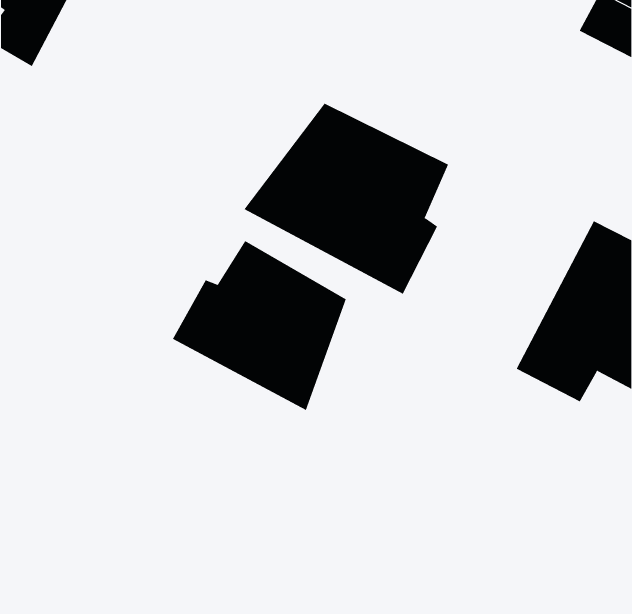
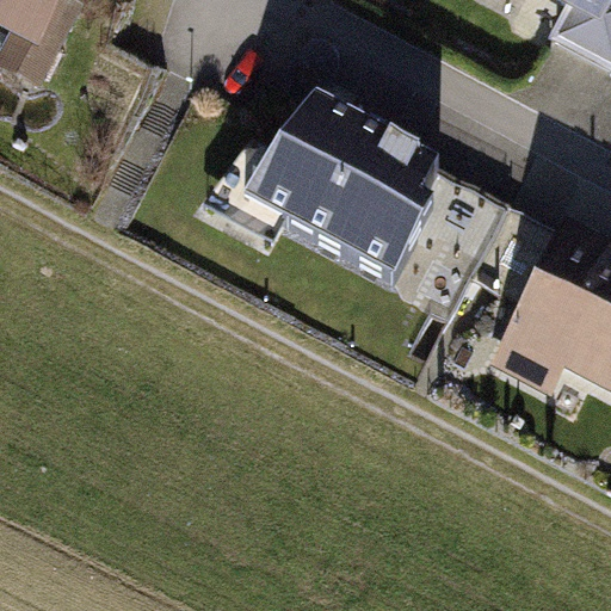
building: [172,240,346,411] -> none

